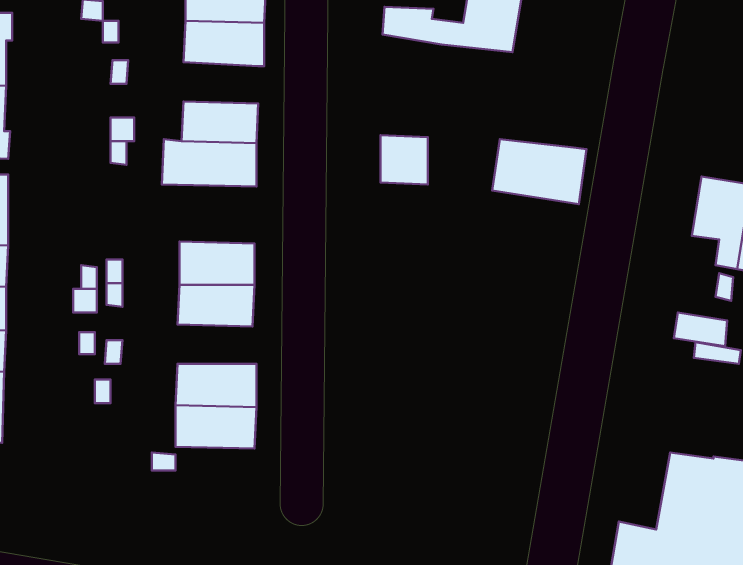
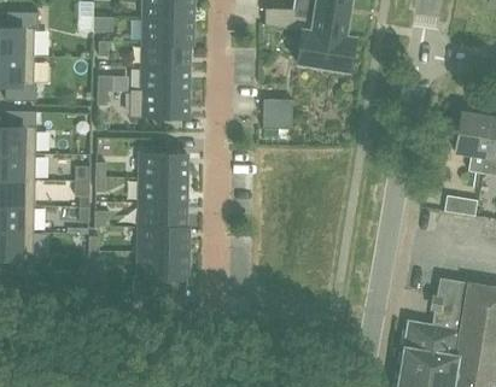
building: none -> [142,42,188,68]
building: [492,139,587,204] -> [296,31,354,71]
building: none -> [139,203,185,227]

